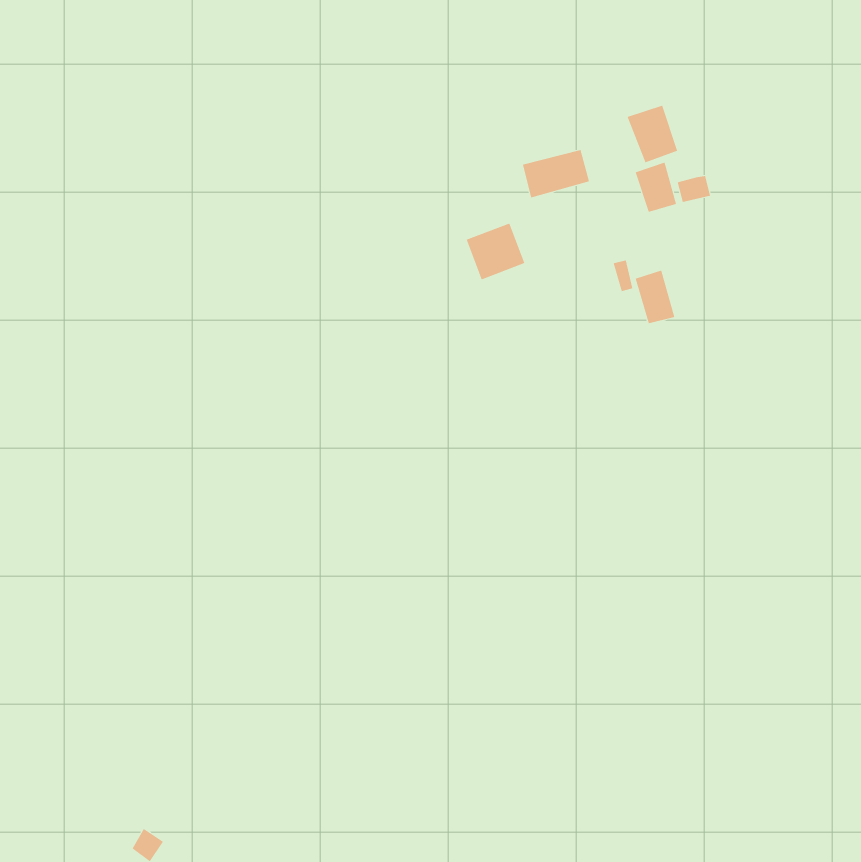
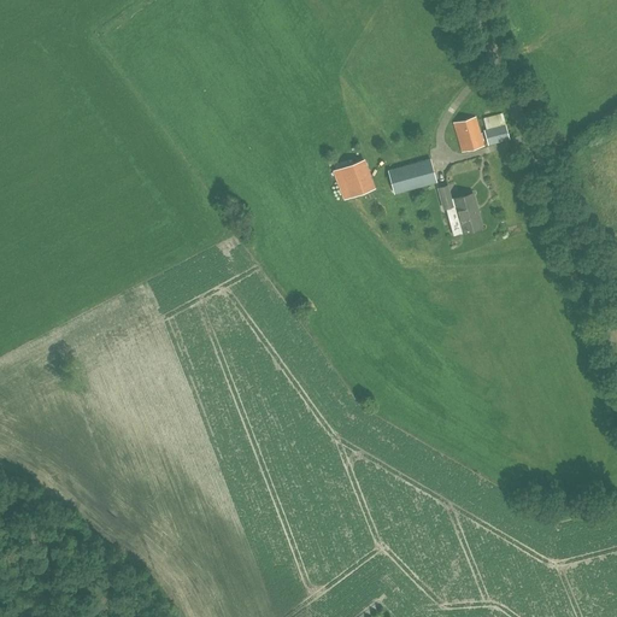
building: [627,105,678,163] -> none
building: [522,149,590,198] -> [388,159,436,194]

